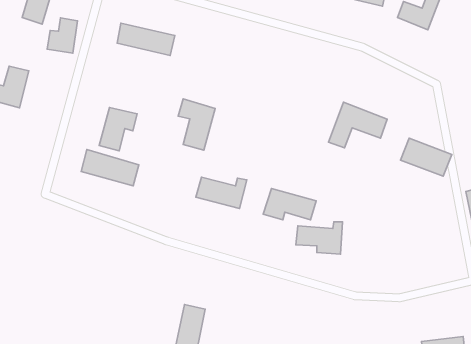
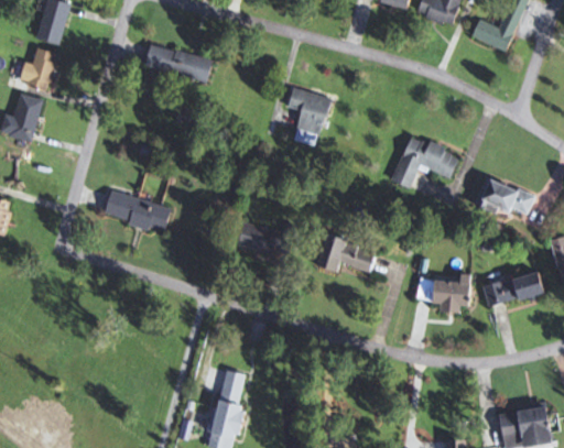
building: [47,18,78,53] -> [20,48,55,89]
building: [178,99,215,150] -> [288,87,330,146]
building: [99,107,137,151] -> none
building: none -> [482,273,544,306]
building: [296,222,342,254] -> [416,274,470,312]

